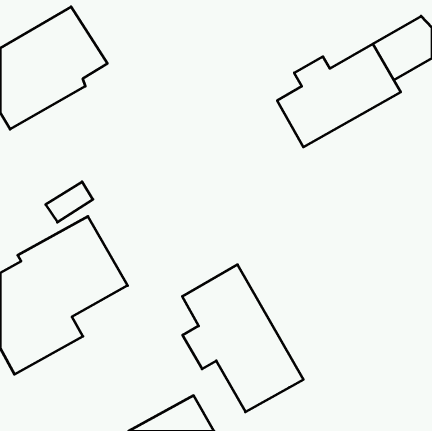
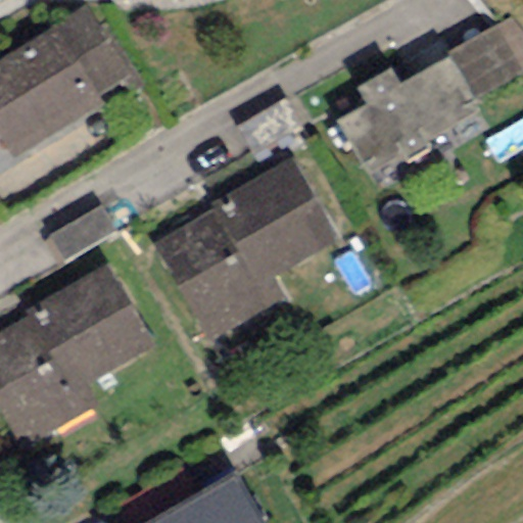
building: none -> [152,154,341,342]
building: [182,265,303,412] -> none

